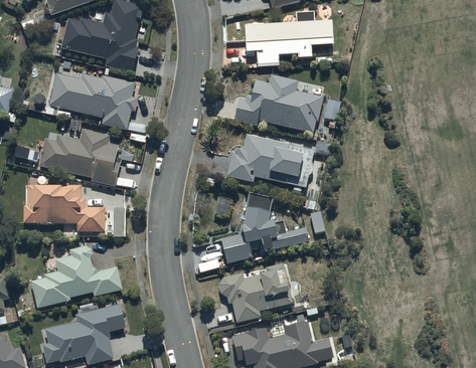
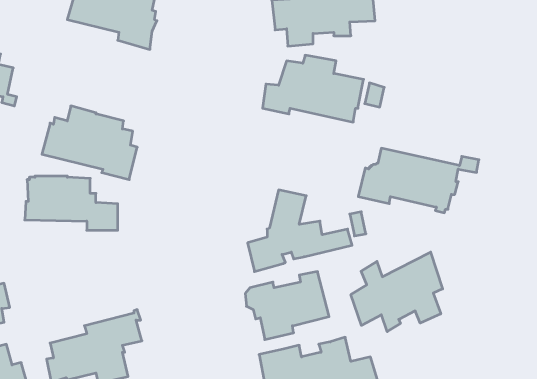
building: [49,71,138,129] -> none
building: [223,136,329,192] -> [358,148,479,213]
building: [31,245,123,307] -> none
building: none -> [351,252,443,332]

